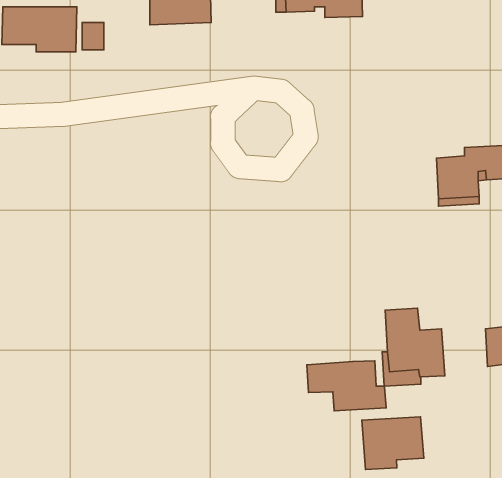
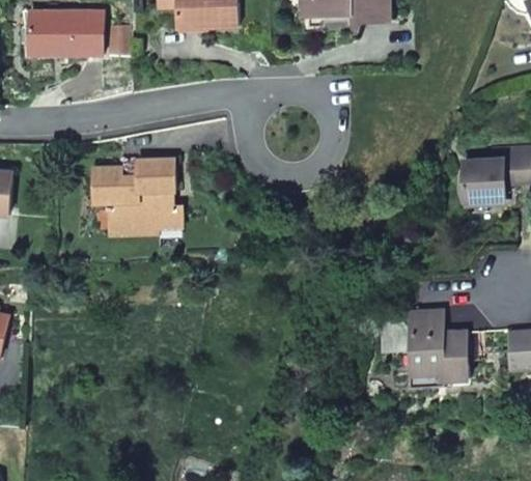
building: none -> [92,159,181,233]
building: [307,361,386,411] -> none
building: [362,417,424,470] -> none

